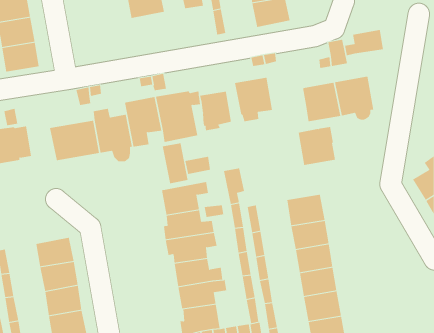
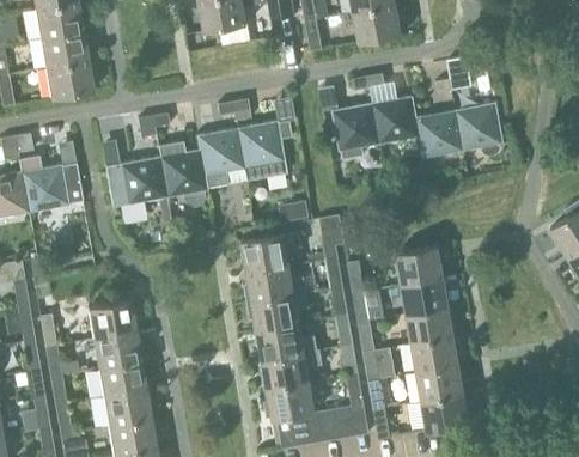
building: [344,29,383,56] -> none
building: [200,91,232,131] -> none
building: [298,127,336,166] -> [372,96,419,144]
building: [162,142,188,184] -> none

